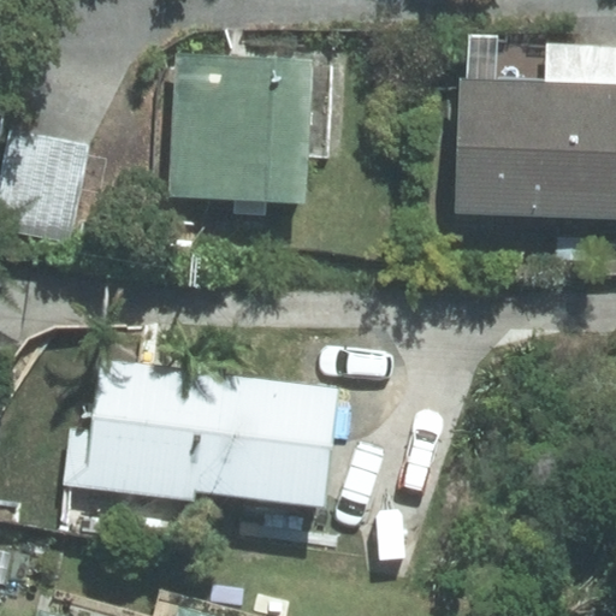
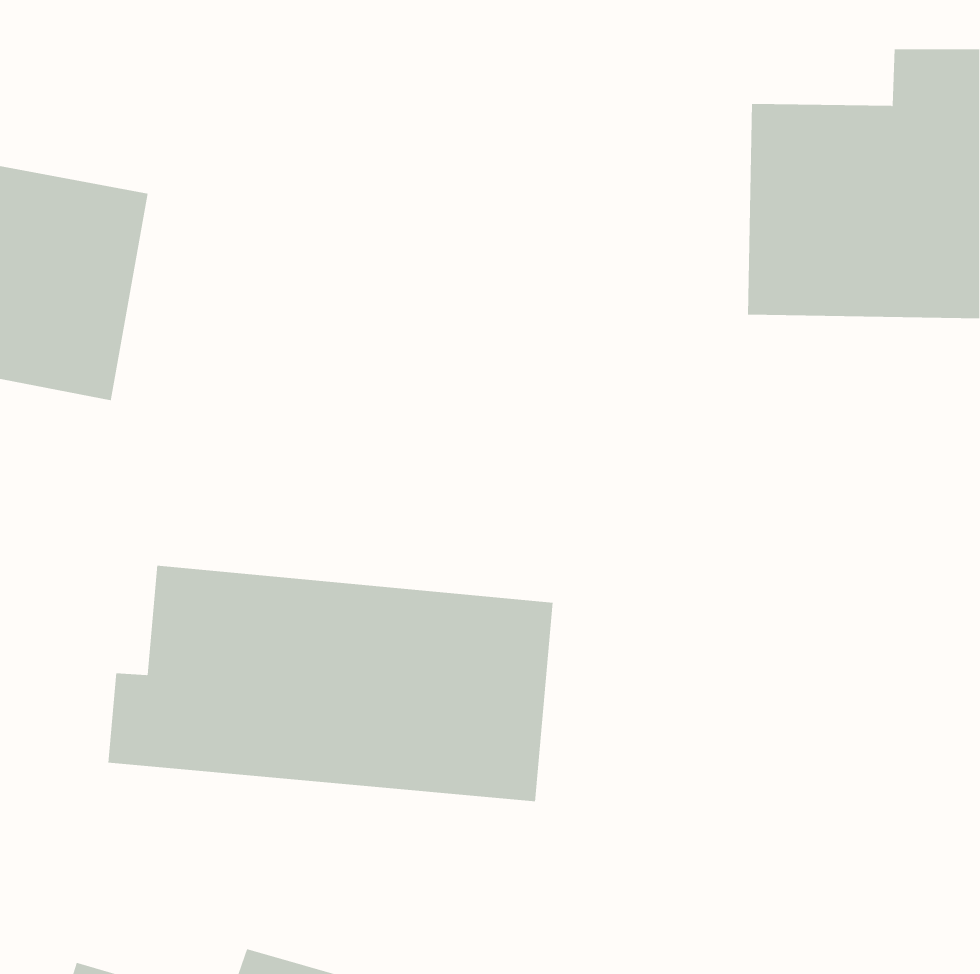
building: [166,58,316,203] -> none

